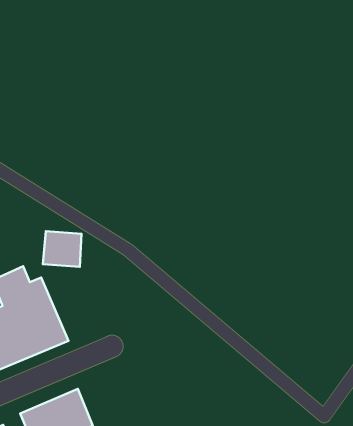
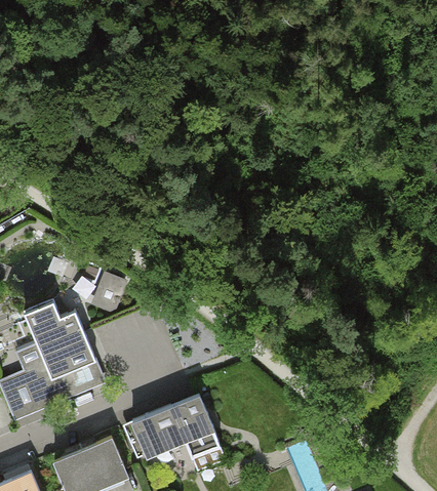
building: none -> [129,392,224,470]

